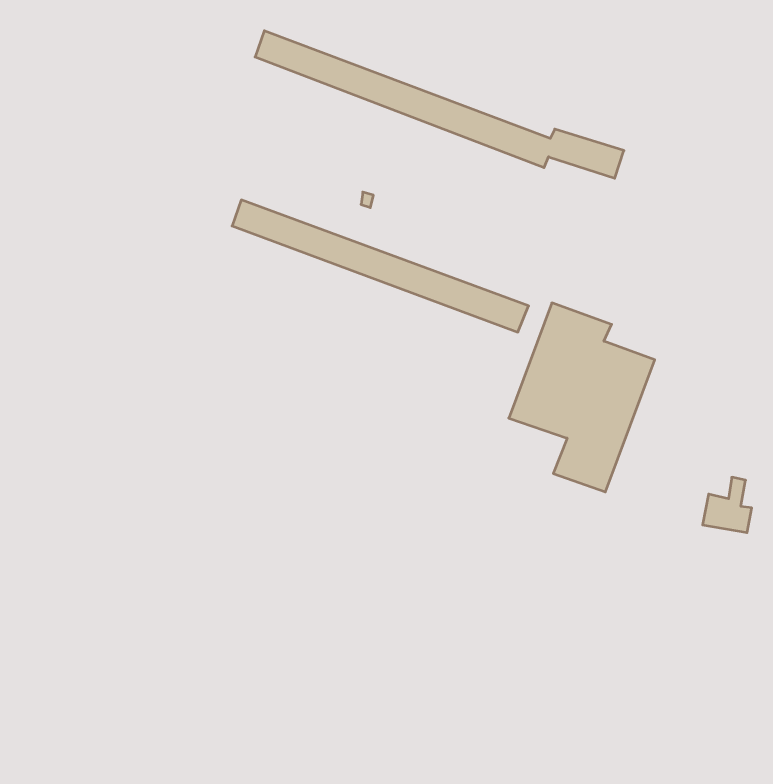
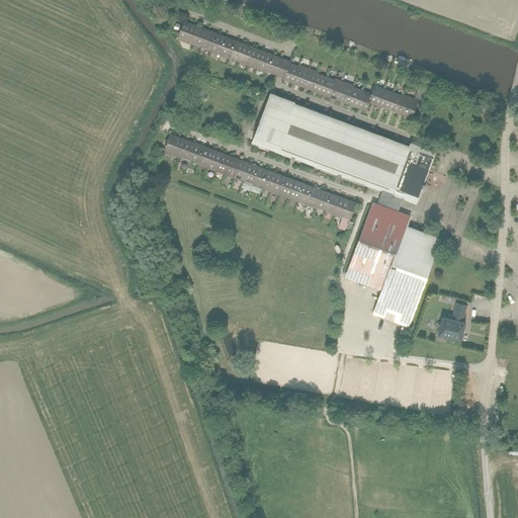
building: none -> [257,97,439,204]
building: [703,477,752,533] -> [434,303,466,339]

